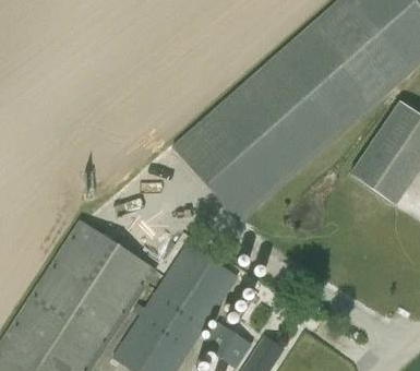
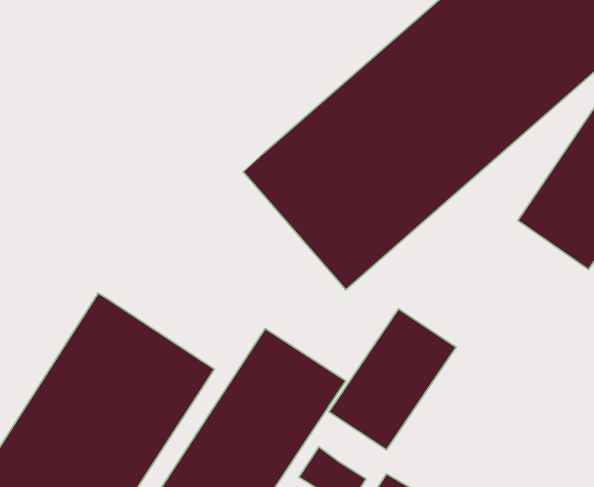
building: none -> [329,309,456,450]

